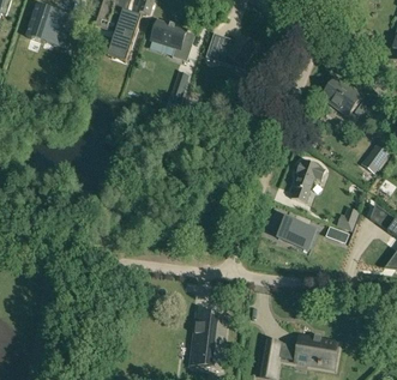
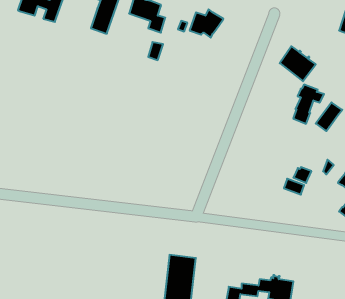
building: [291,158,326,203] -> [293,85,324,124]
building: [278,217,315,243] -> none

